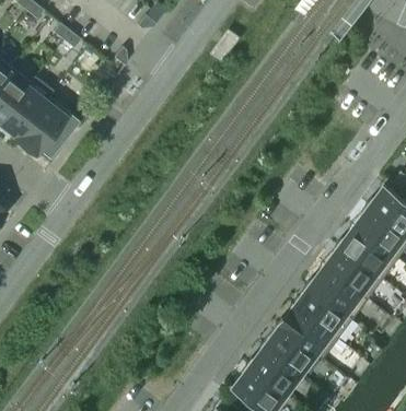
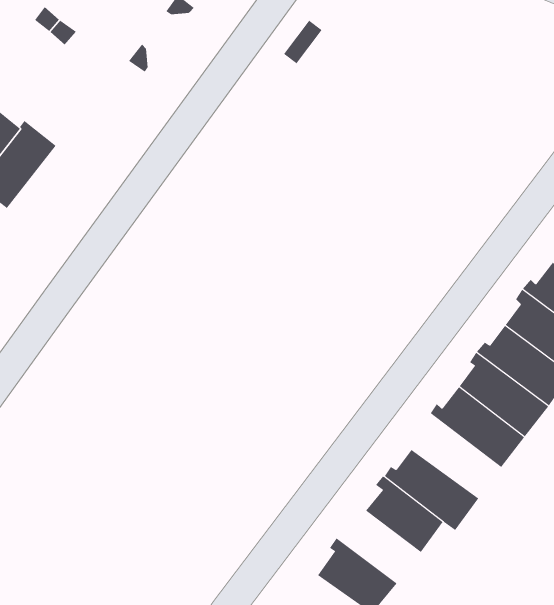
building: [295,284,353,339] -> none
building: [247,347,302,394] -> none

